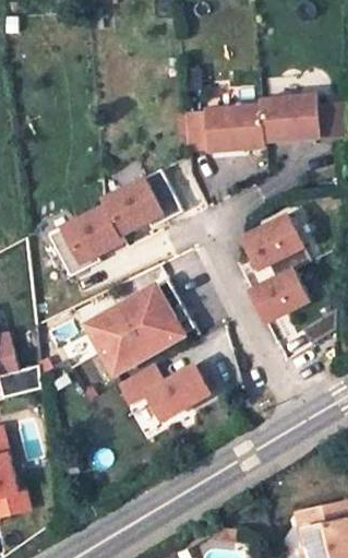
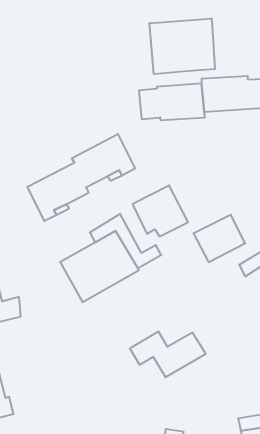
building: none -> [149,18,215,74]
building: [242,215,310,277] -> [133,185,188,236]
building: [118,364,211,419] -> [130,332,206,377]

